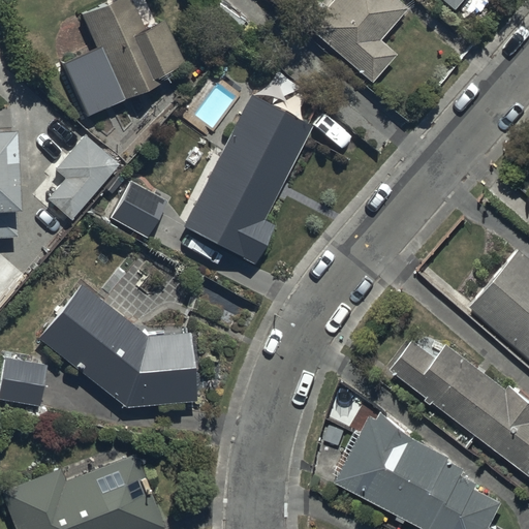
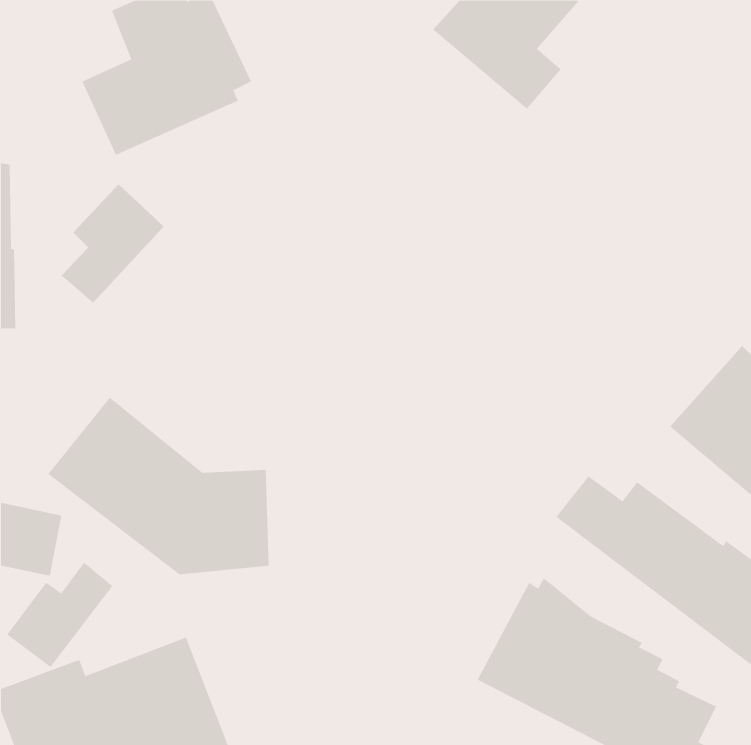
building: [183,93,313,264] -> none
building: [110,184,166,240] -> none
building: none -> [6,562,113,668]

